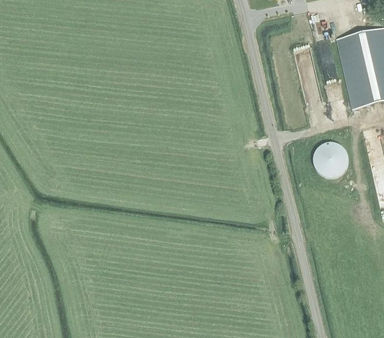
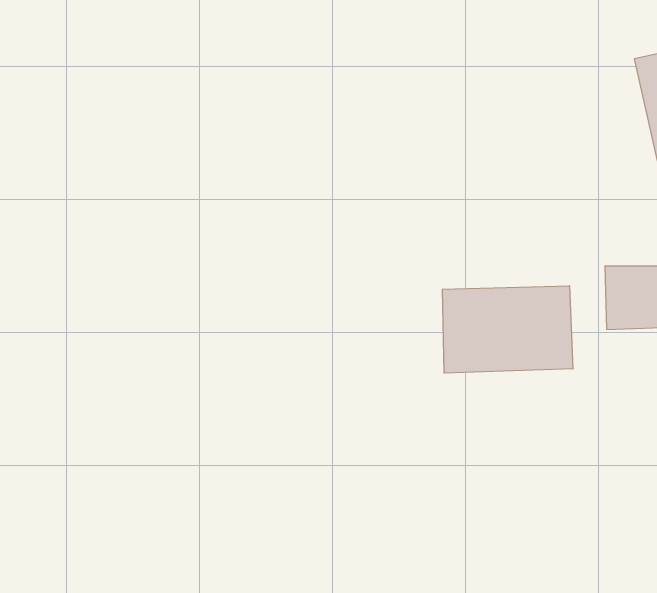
building: none -> [442,286,573,373]

